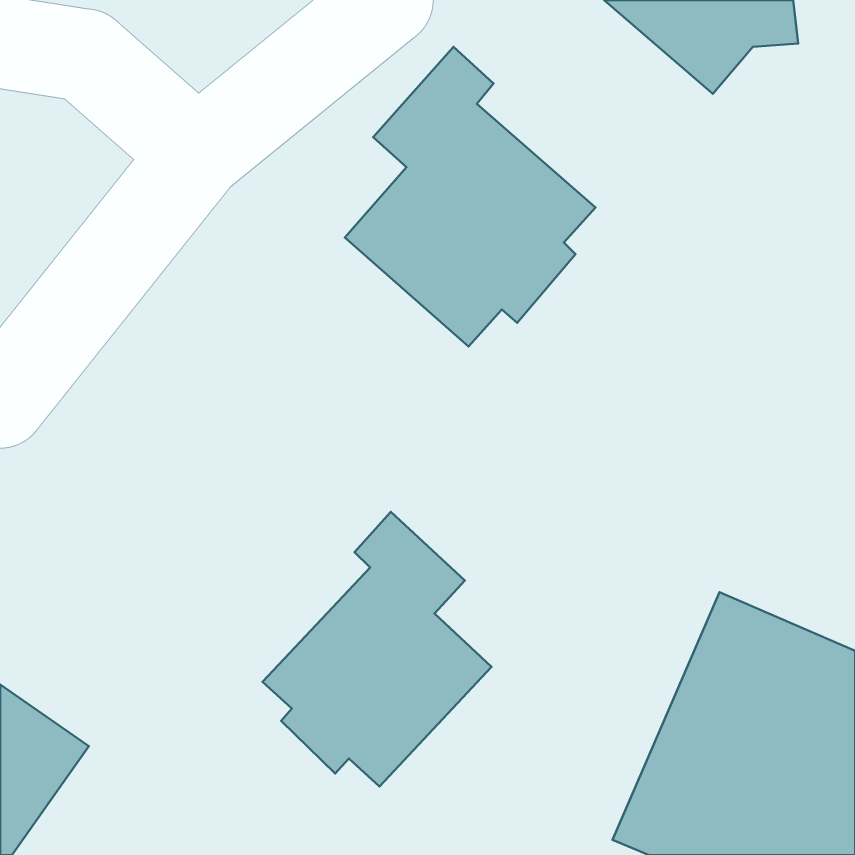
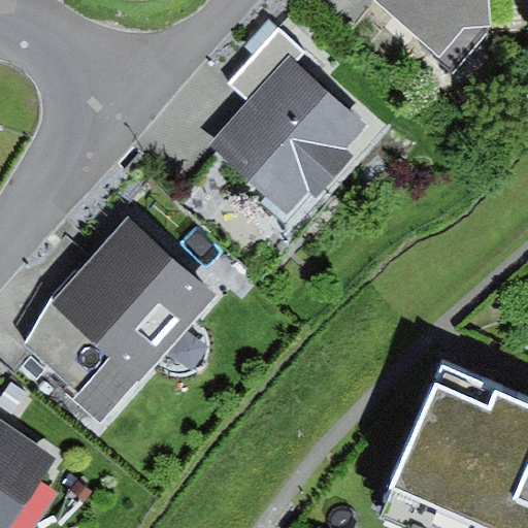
building: none -> [26,219,217,423]
building: [263,512,491,786] -> none

